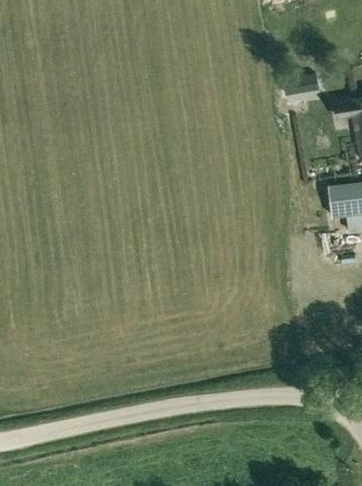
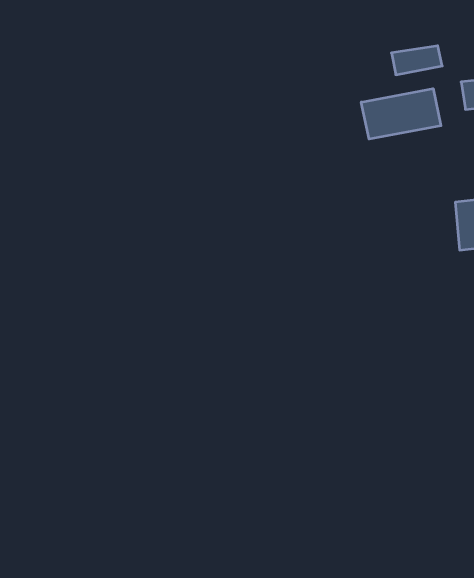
building: none -> [361,89,441,139]

